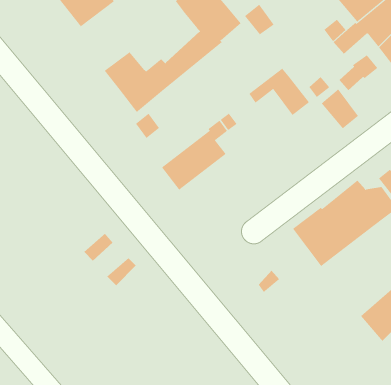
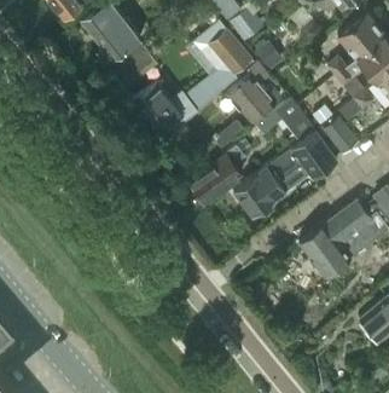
building: none -> [114,46,156,85]
building: none -> [230,59,280,120]
building: none -> [233,131,338,216]

